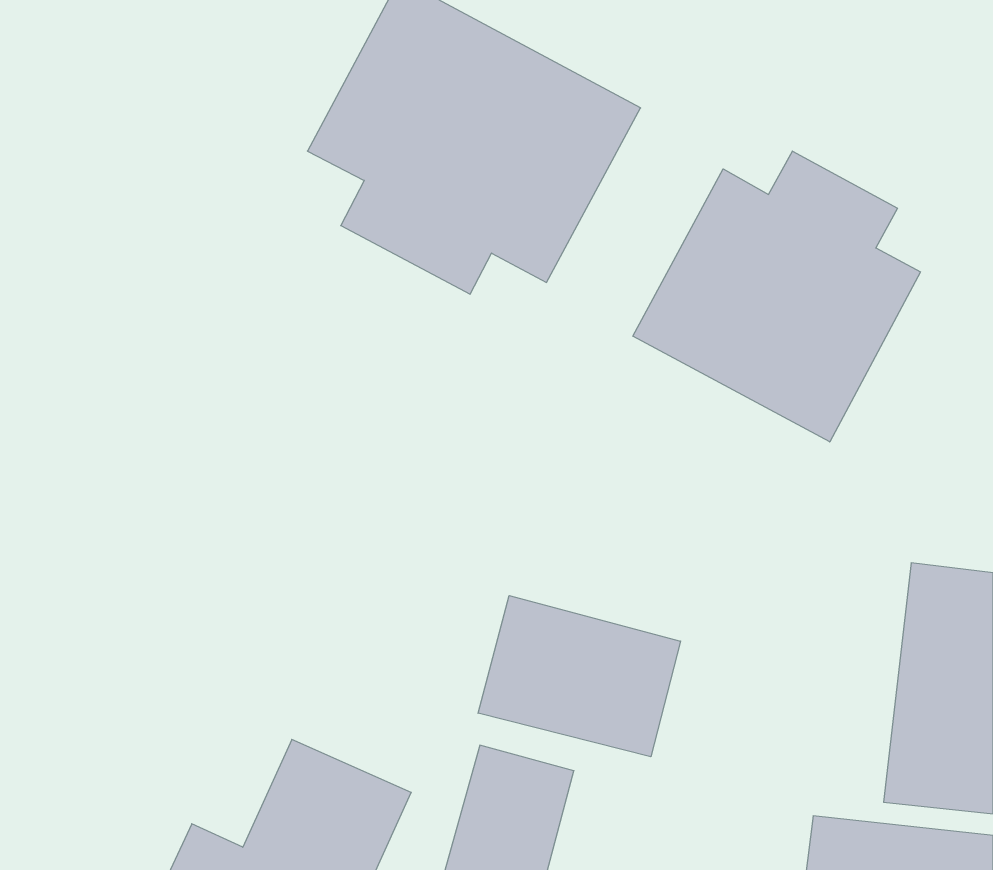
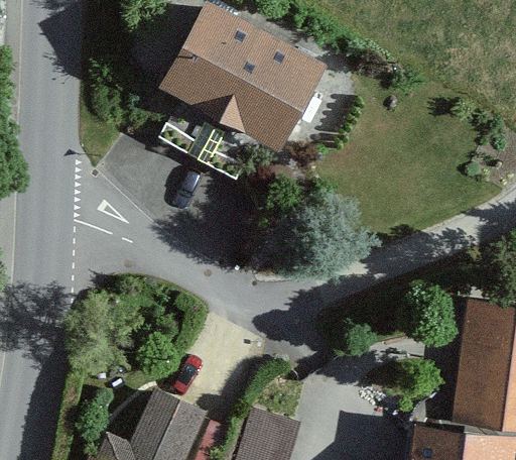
building: [633,151,920,442] -> none
building: [478,596,681,757] -> none

